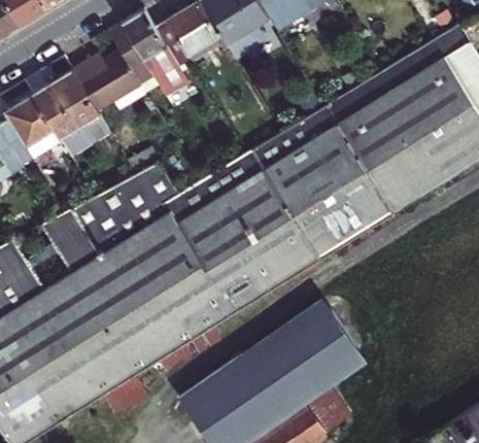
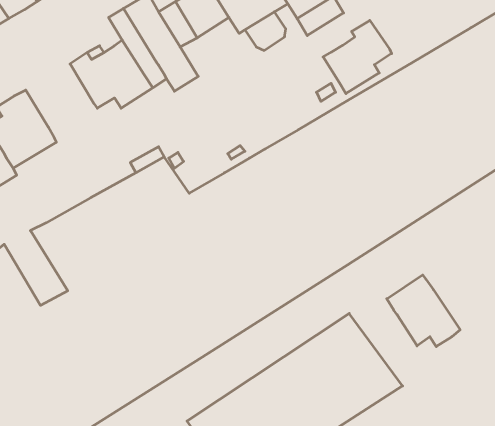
building: none -> [323,20,392,94]
building: [32,72,110,159] -> none
building: none -> [387,275,460,347]

